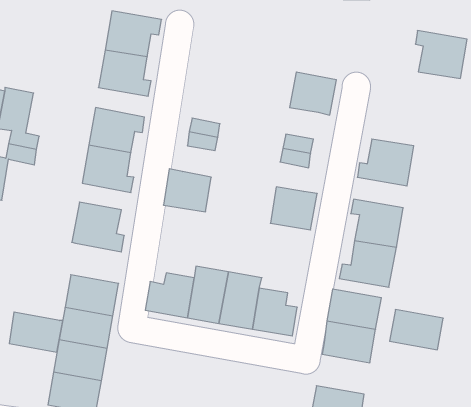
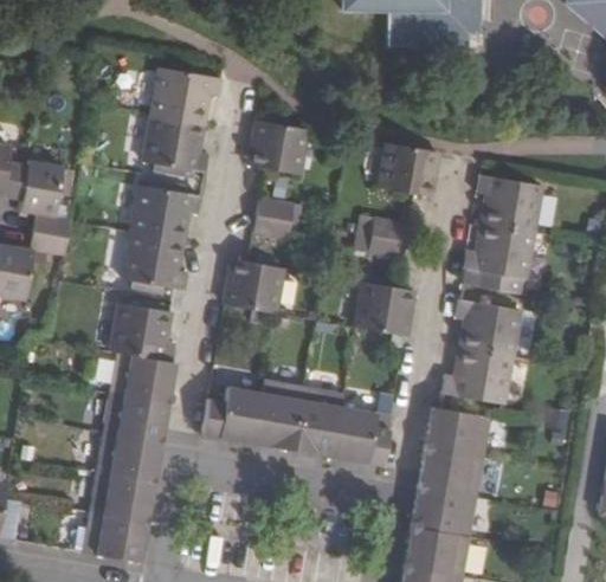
building: [415,31,467,78] -> [478,173,542,232]
building: none -> [247,117,308,172]
building: [390,310,443,350] -> [413,490,479,539]
building: [9,312,63,352] -> [109,353,175,402]

